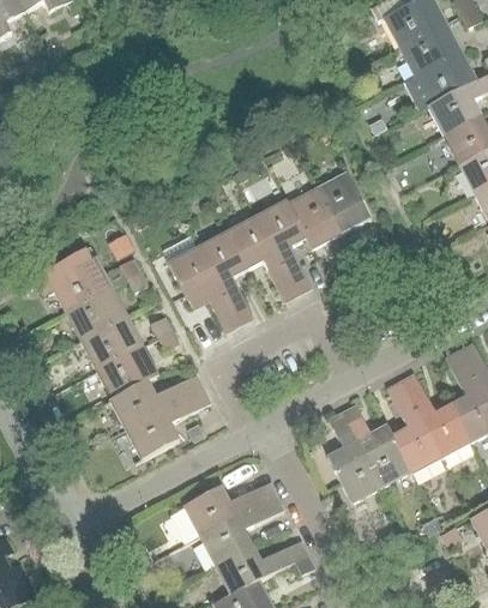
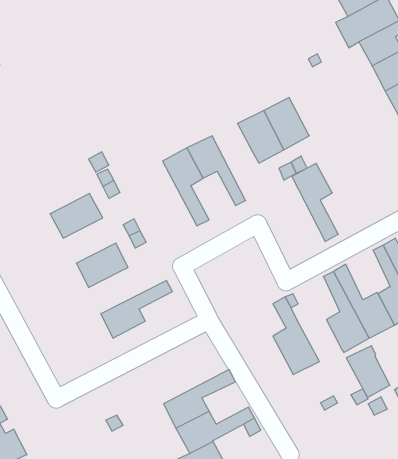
building: [255,201,311,294] -> [292,163,338,241]
building: [168,247,237,331] -> none
building: [48,255,110,309] -> none
building: [79,314,141,368] -> none
building: [108,374,201,428] -> none
building: [357,423,409,484] -> [346,346,390,397]
building: [181,480,276,535] -> none

